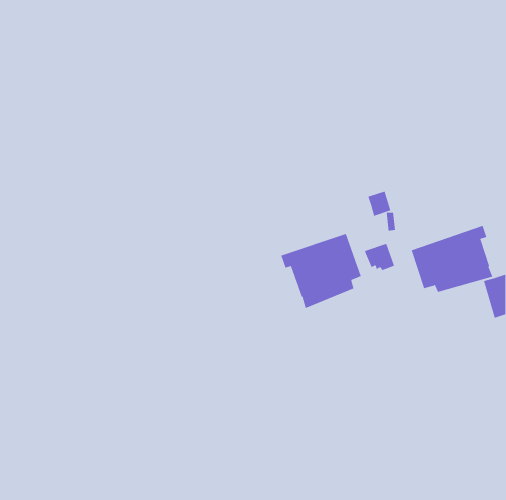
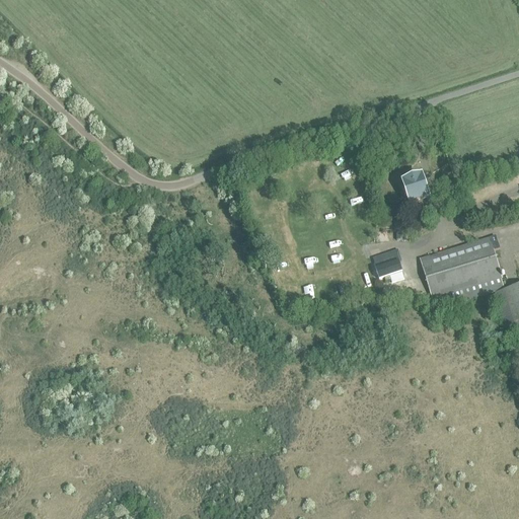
building: [367,191,391,216] -> [402,171,427,198]
building: [280,233,361,309] -> none

